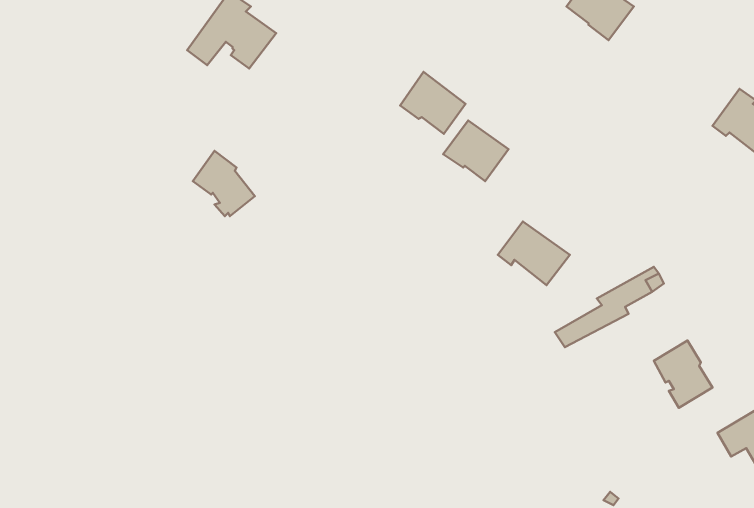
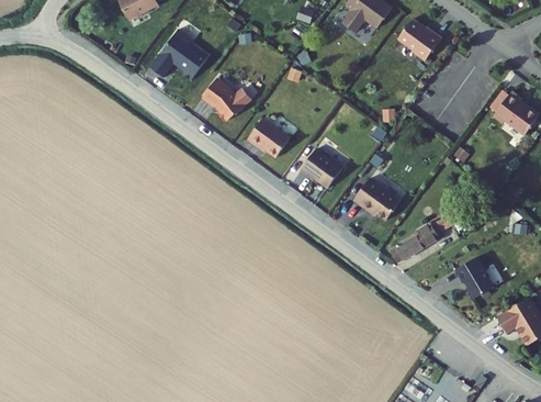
building: [400,72,466,134] -> [249,116,292,157]
building: [443,121,509,181] -> [301,148,343,188]
building: [193,151,255,216] -> [204,77,245,120]

